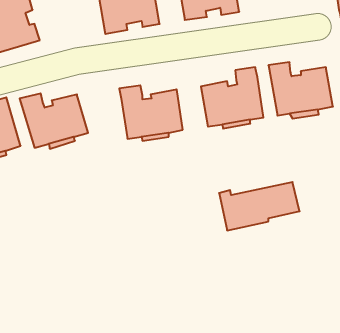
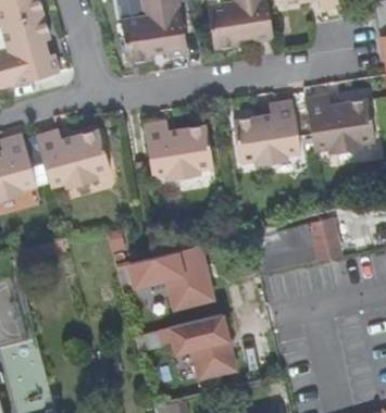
building: none -> [129,248,213,311]
building: none -> [171,314,238,379]

